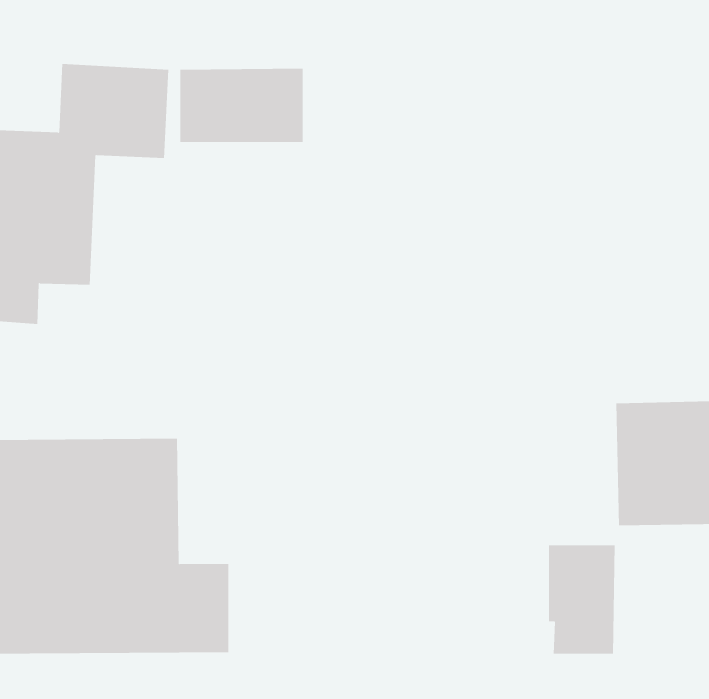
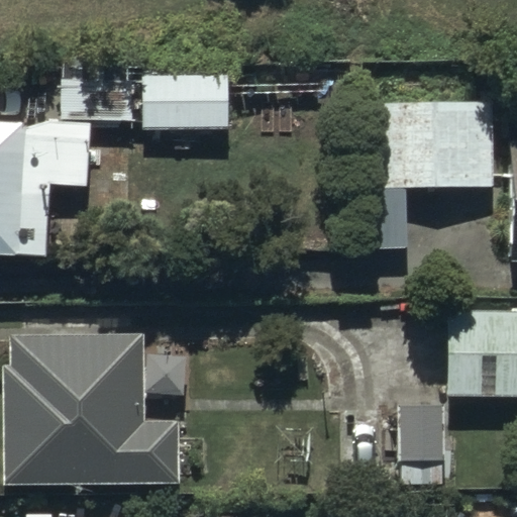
building: none -> [363,86,490,187]

